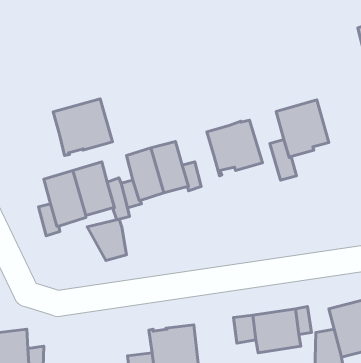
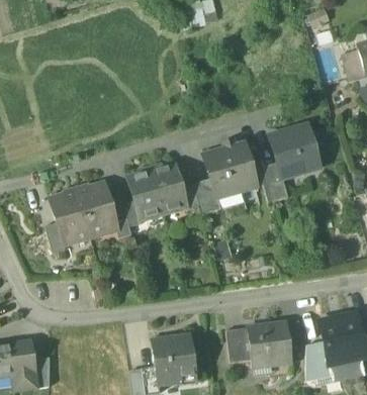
building: [53,99,112,155] -> none
building: none -> [193,178,221,214]
building: [87,219,126,261] -> none

